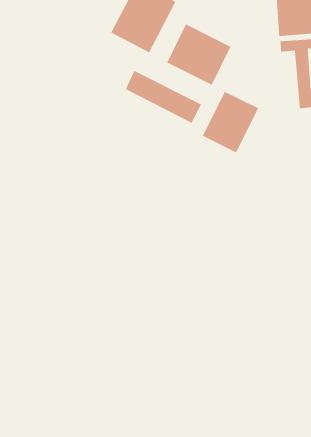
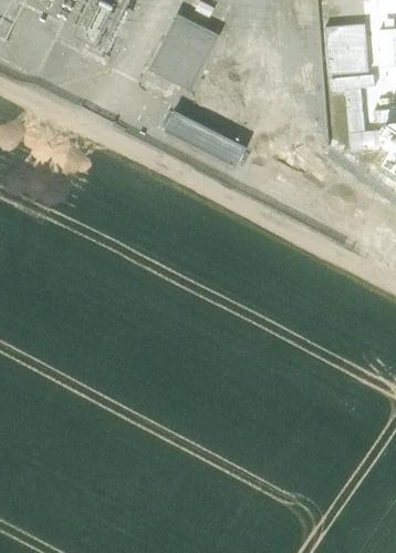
building: [166,23,232,86] -> none
building: [202,91,259,153] -> none

